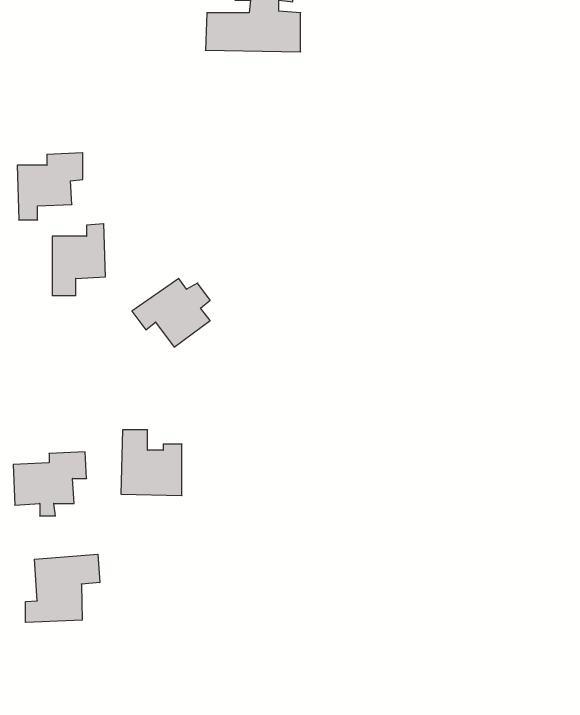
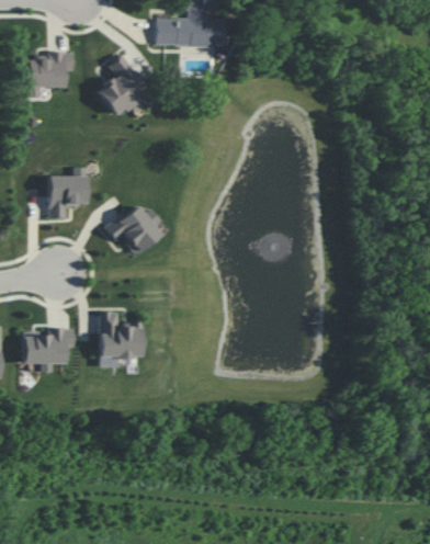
building: none -> [98,55,148,116]
building: [17,153,83,220] -> [27,50,73,98]
building: [25,554,100,622] -> none

